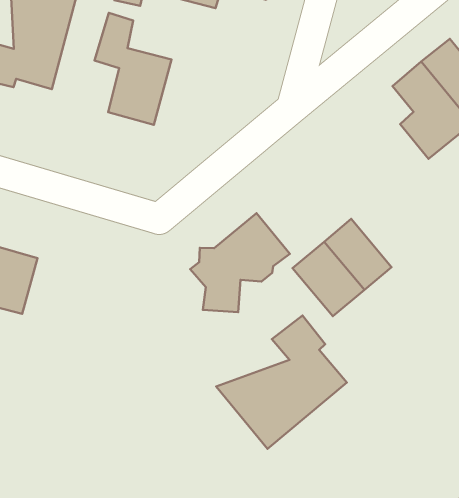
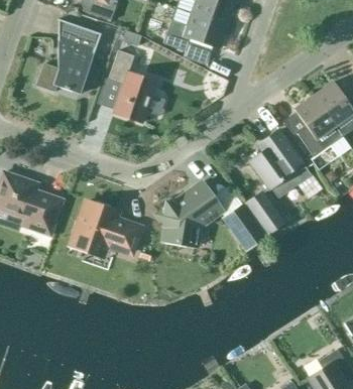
building: none -> [239,129,311,199]
building: none -> [73,202,139,253]
building: [216,316,347,449] -> none

